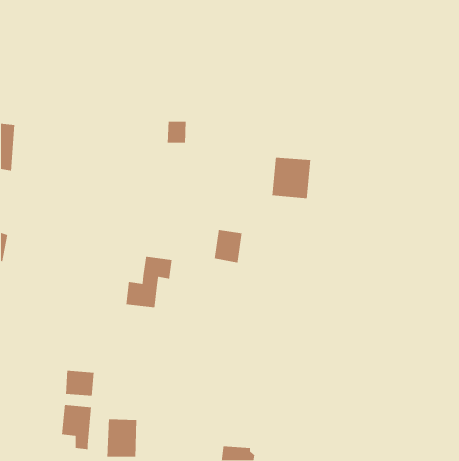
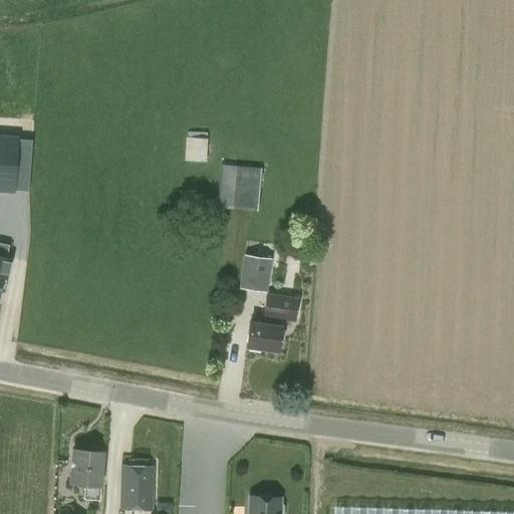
building: [272,157,311,199] -> [218,165,262,212]
building: [125,256,172,308] -> [247,294,299,352]
building: [65,370,95,397] -> none

